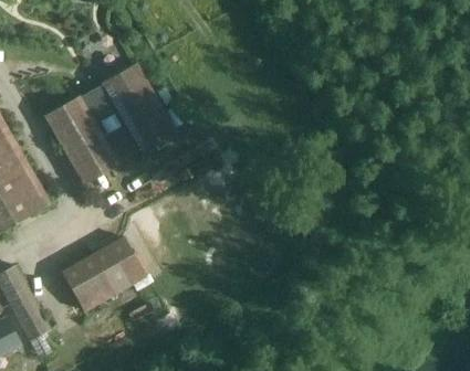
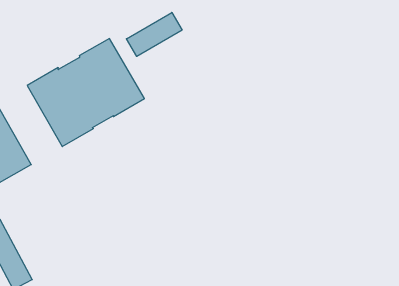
building: none -> [126,12,182,56]
building: [51,237,145,311] -> none

